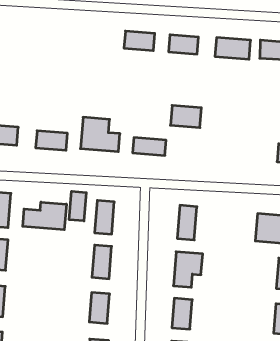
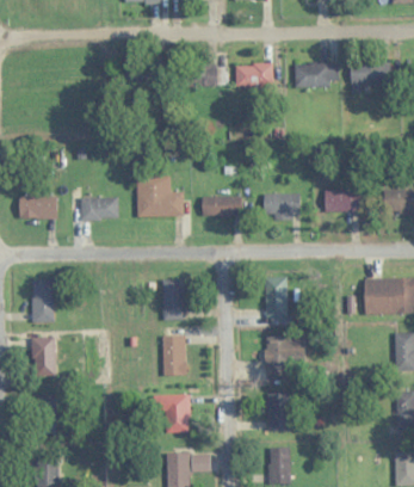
building: [170,105,201,128] -> [264,193,301,218]
building: none -> [325,191,359,212]
building: [69,191,86,221] -> none
building: [23,202,66,230] -> none

